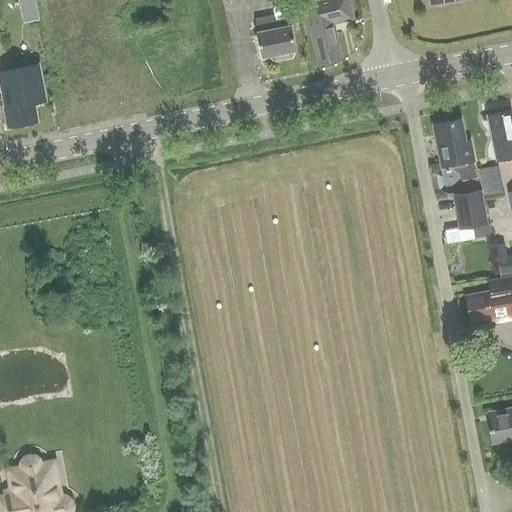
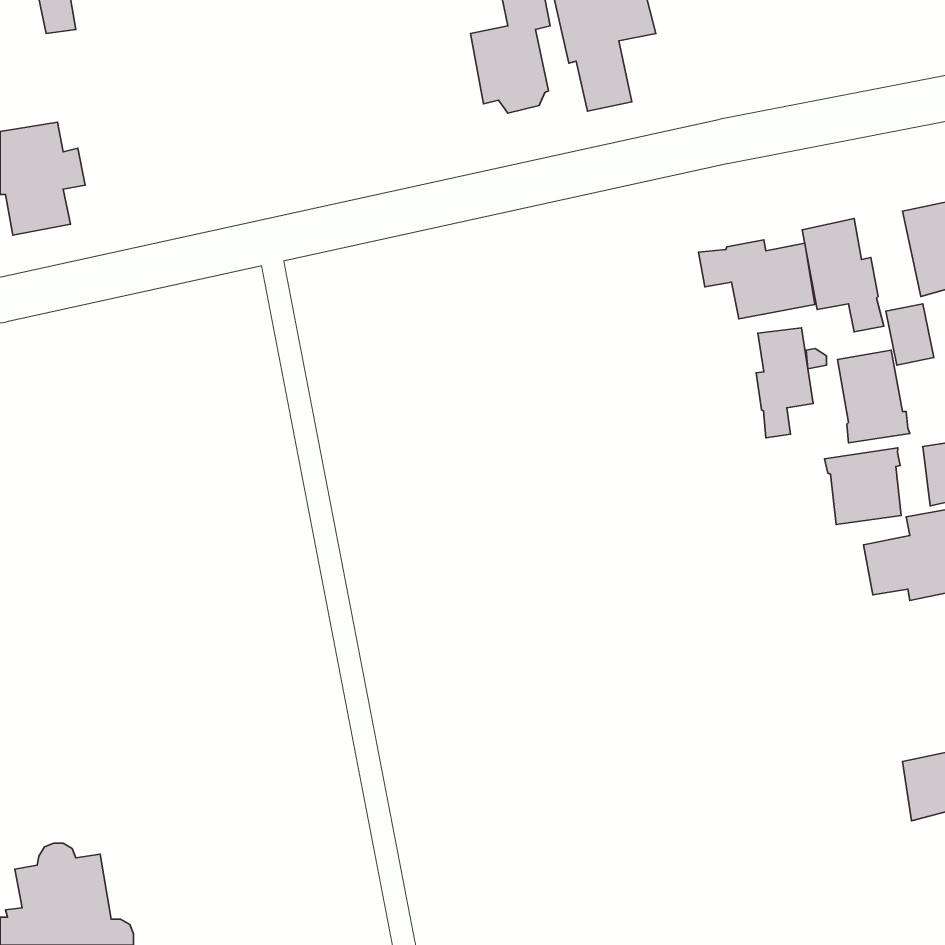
building: none -> [698,240,815,319]
building: none -> [756,328,813,438]
building: none -> [825,448,901,524]

